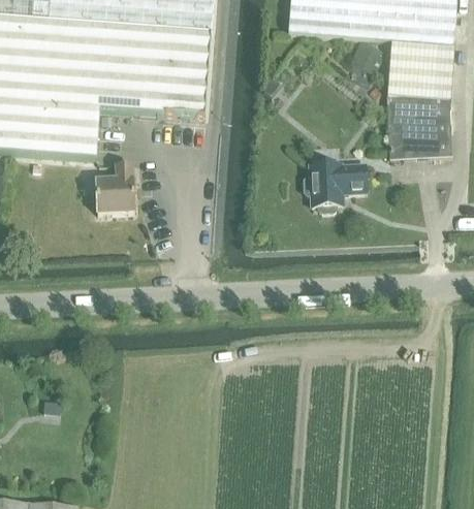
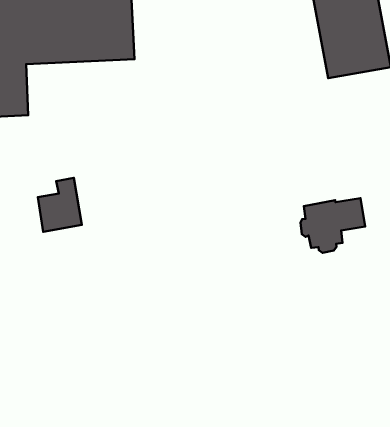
building: [304,162,366,212] -> [301,198,365,253]
building: [95,163,134,212] -> [38,178,82,232]

